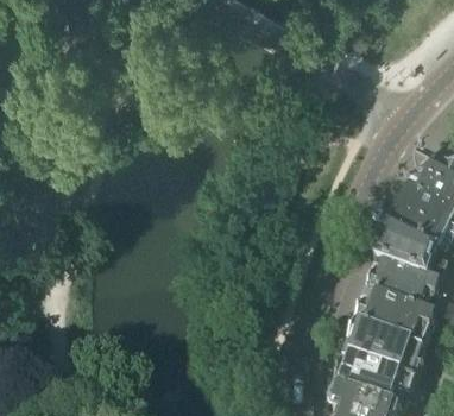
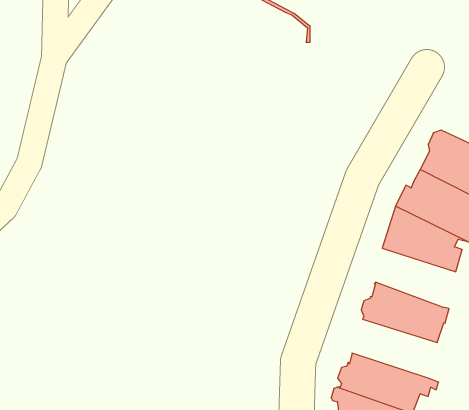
building: [360,266,436,319] -> none
building: [342,329,420,383] -> none

